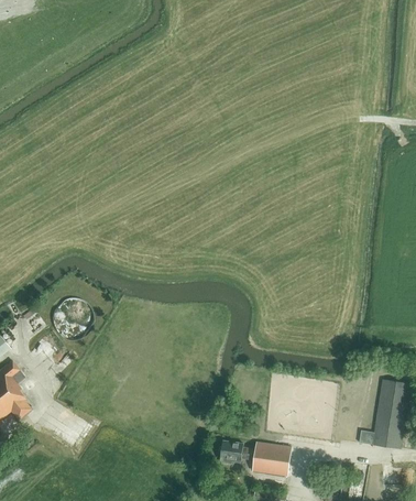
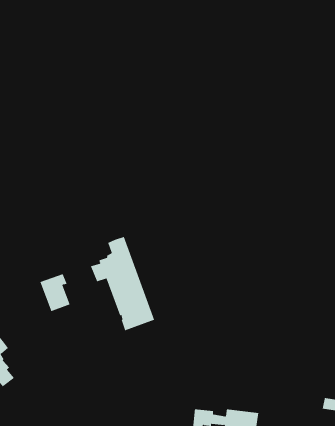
building: none -> [90,236,155,331]

